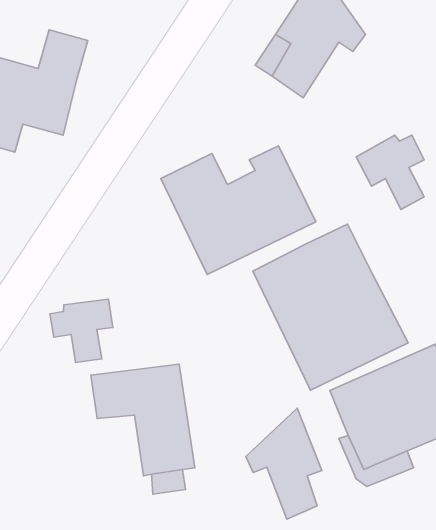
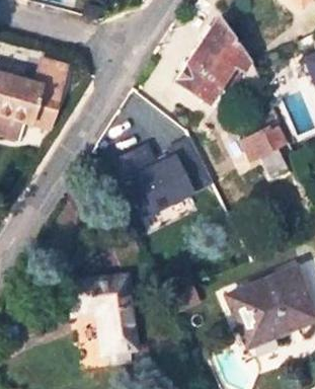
building: [253,224,408,390] -> none
building: [50,299,113,363] -> none
building: [246,408,322,519] -> none

